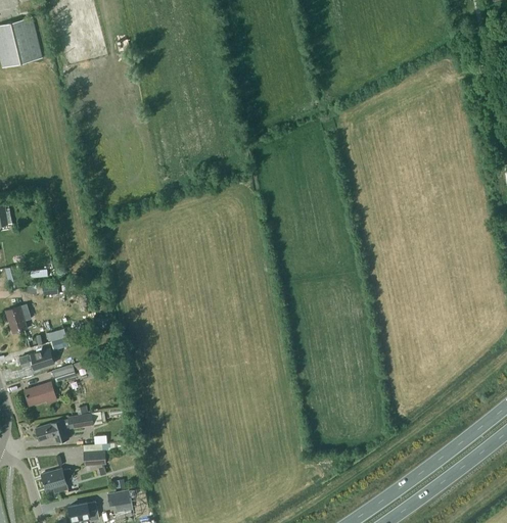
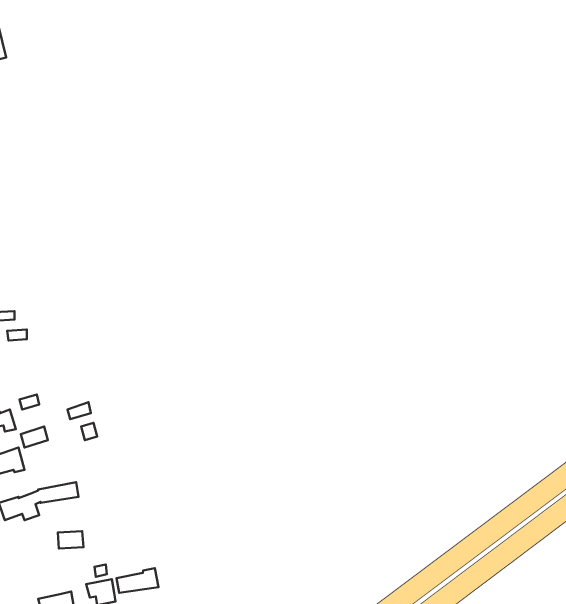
building: [40,470,72,494] -> none
building: none -> [116,568,158,593]

